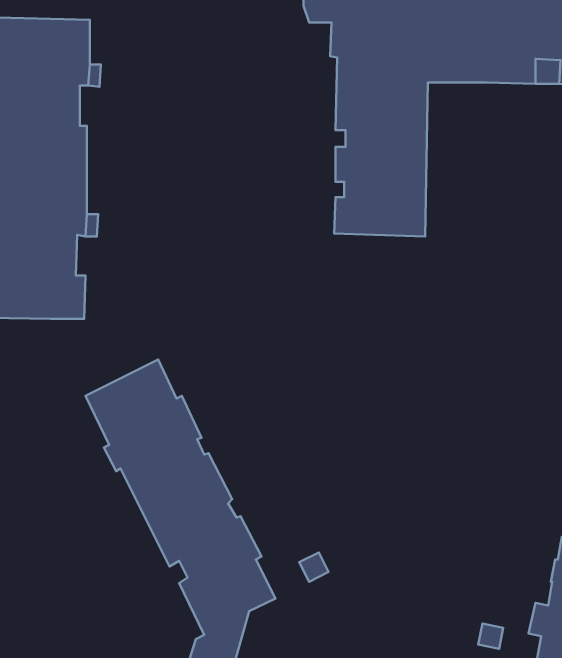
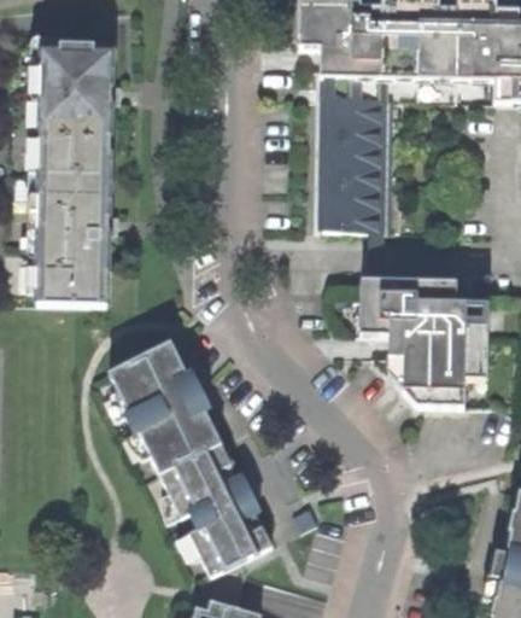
building: none -> [333,276,490,403]

